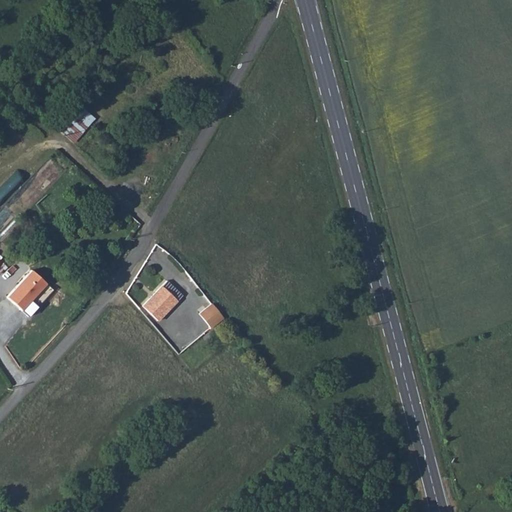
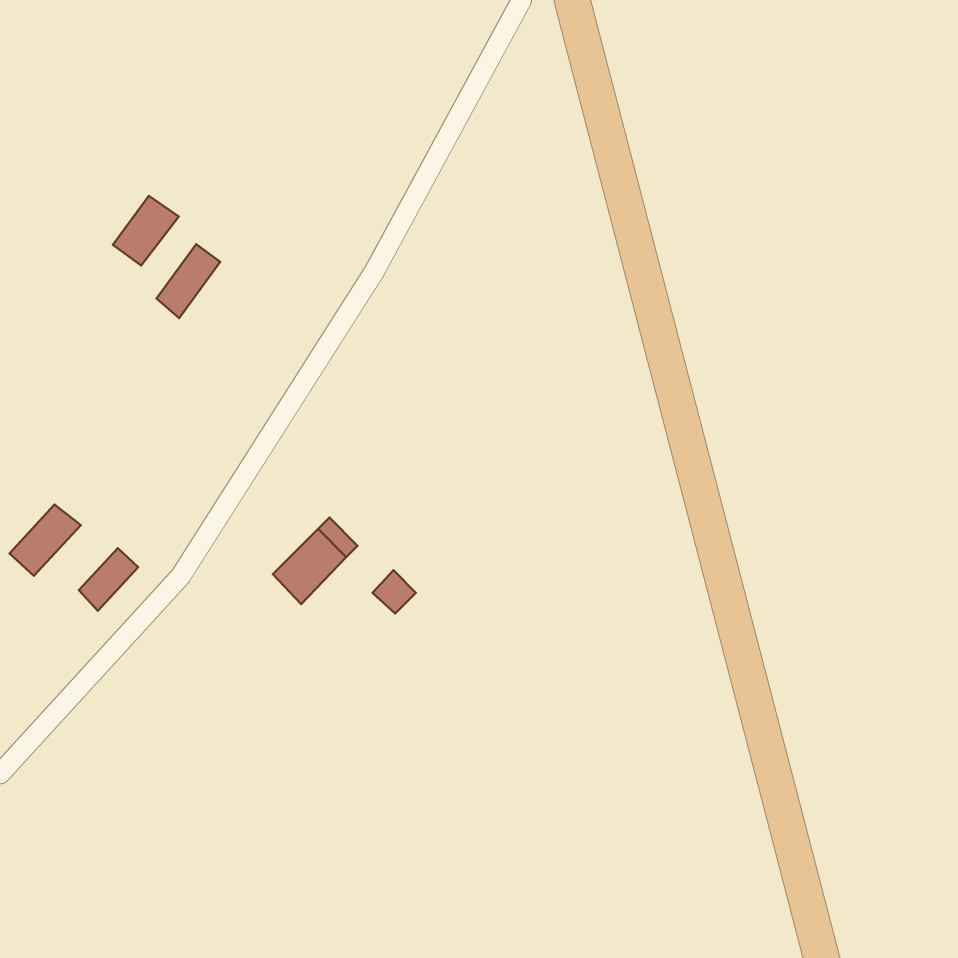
building: none -> [156,244,220,318]
building: none -> [79,548,138,611]

